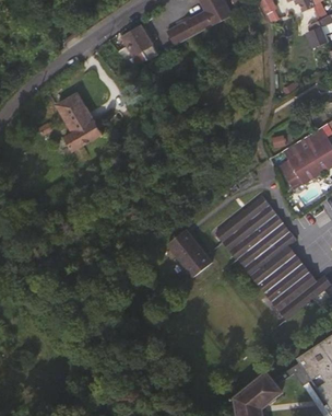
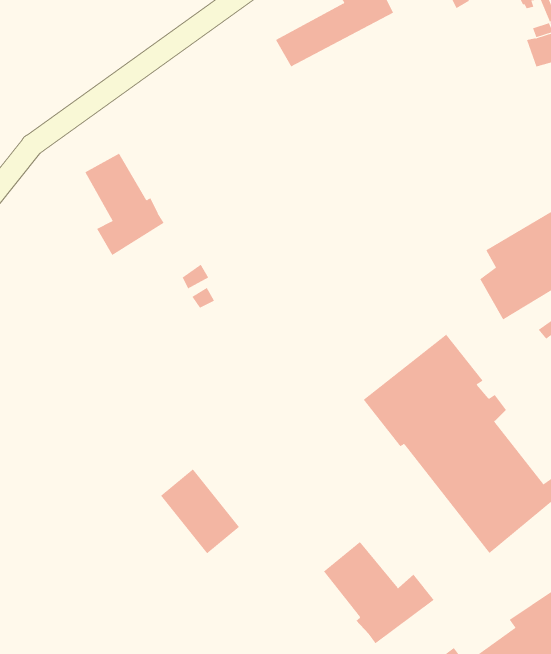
building: [119,26,158,68] -> none
building: [166,229,211,277] -> [160,469,240,554]
building: none -> [323,541,435,644]

